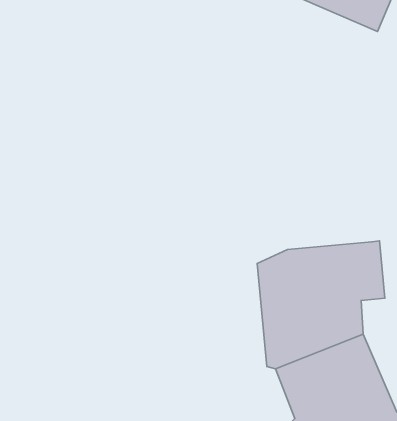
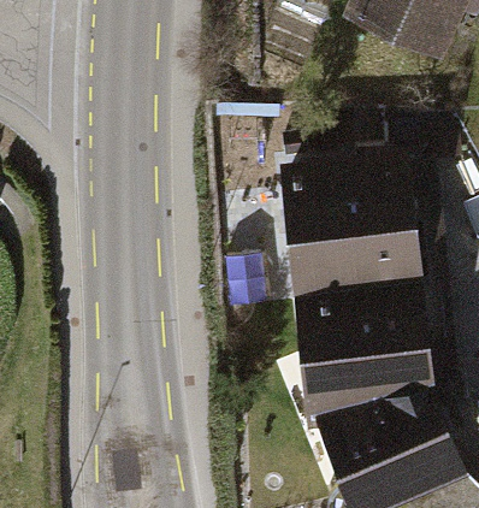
building: none -> [288,165,428,305]

